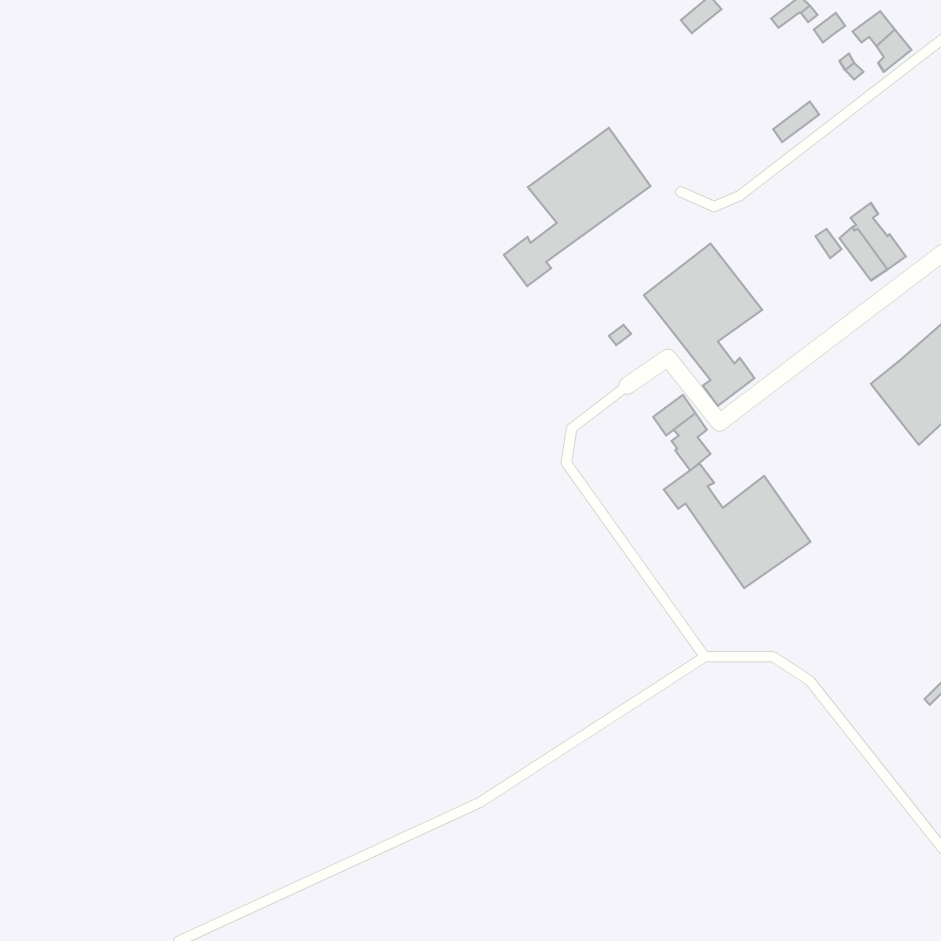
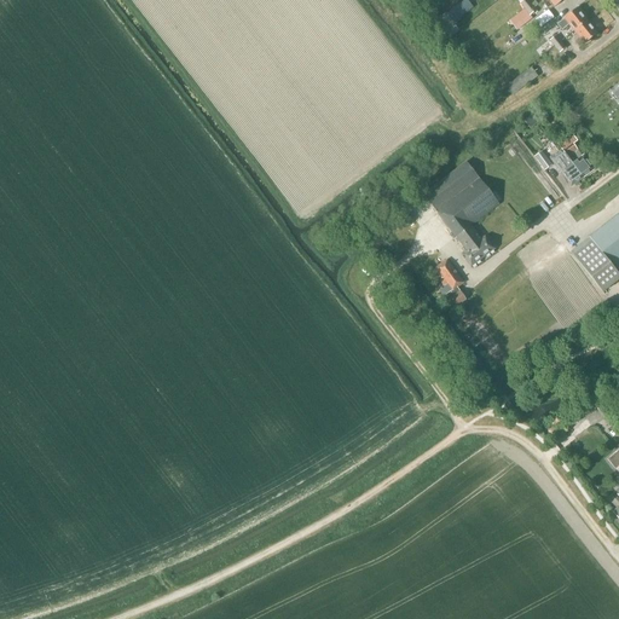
building: [504,128,650,286] -> none
building: [664,464,810,588] -> none

